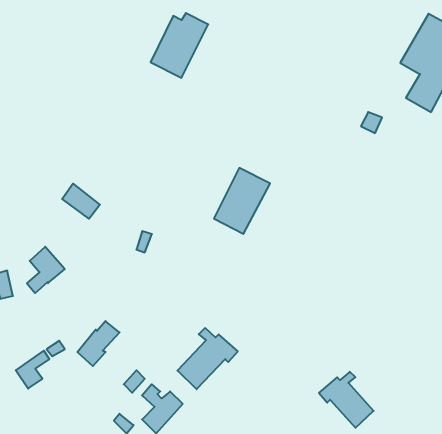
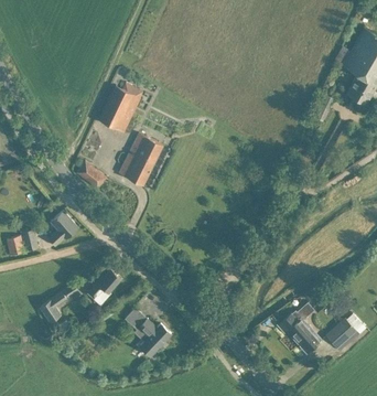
building: [151,13,208,78] -> [98,82,143,132]
building: [214,168,270,234] -> [119,132,163,184]
building: [177,328,238,389] -> none
building: none -> [325,312,363,349]

